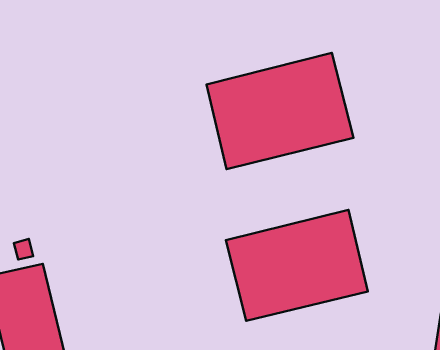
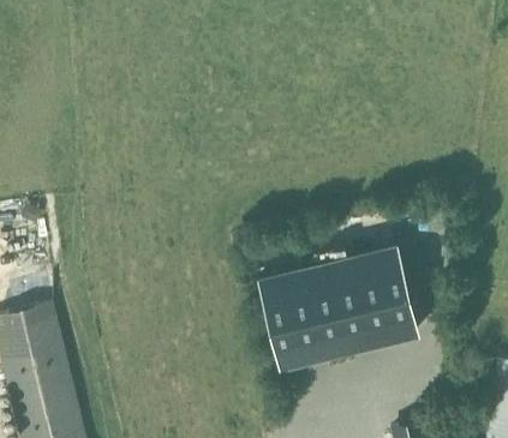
building: [206,53,353,169] -> none

